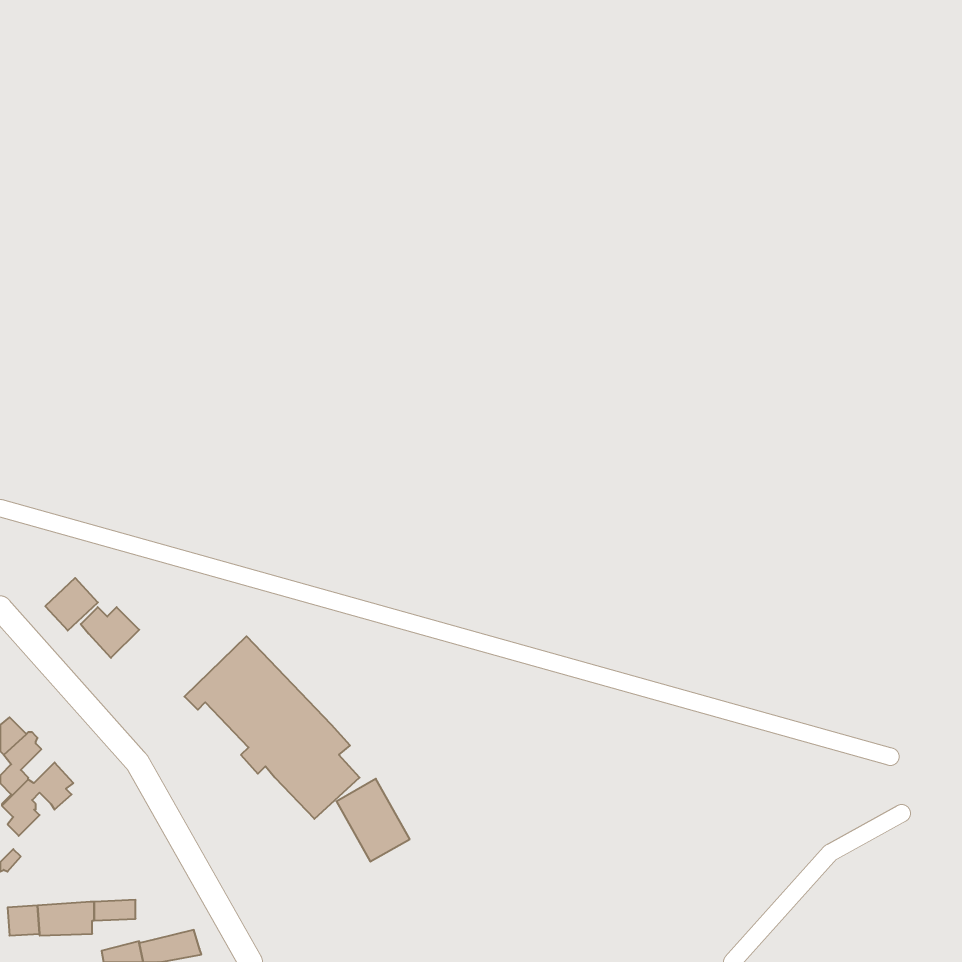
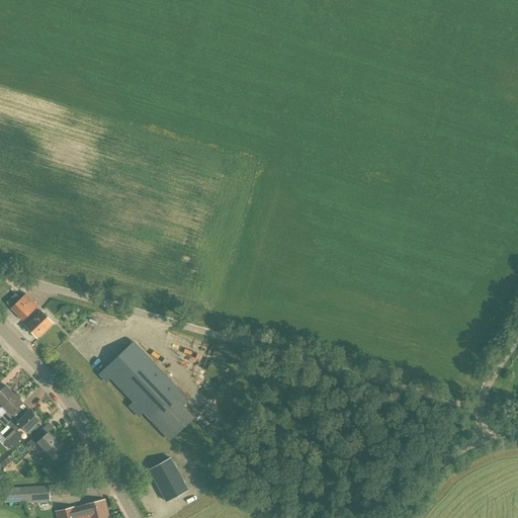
building: [81,607,139,658] -> [6,293,37,321]
building: [336,779,410,862] -> [151,456,190,501]
building: none -> [26,430,61,456]

